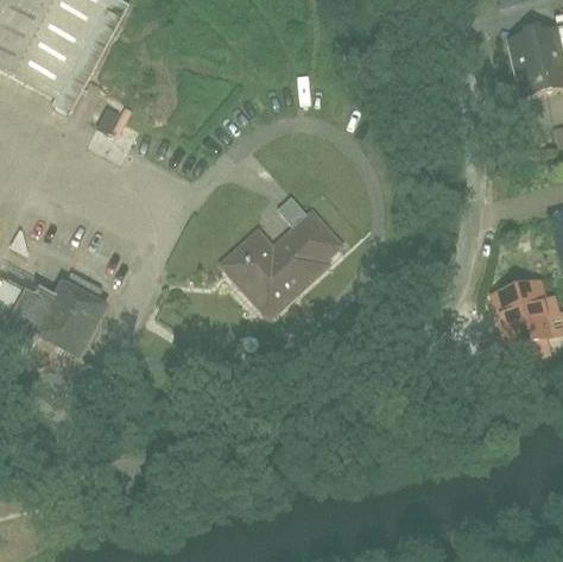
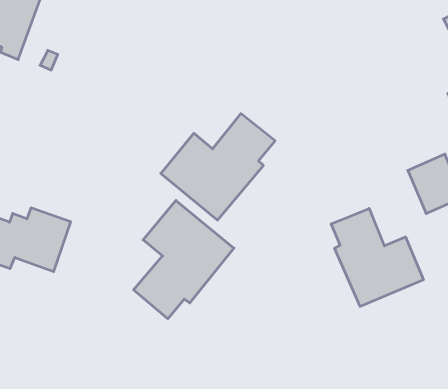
building: none -> [134,200,234,319]
building: none -> [331,208,423,306]

